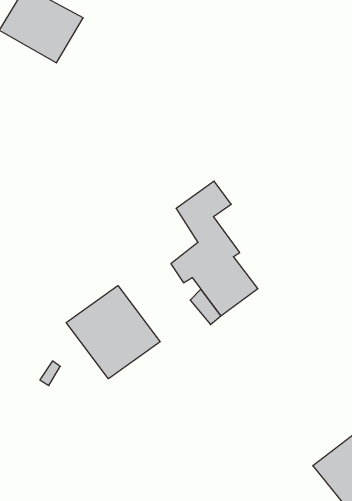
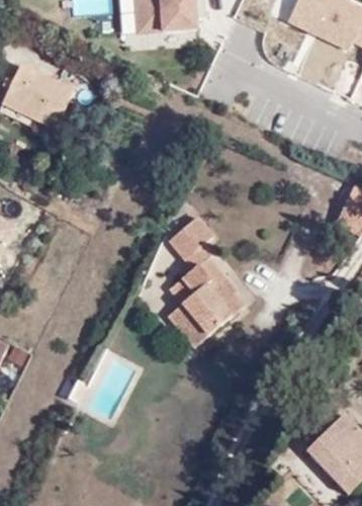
building: [66,286,160,379] -> none

